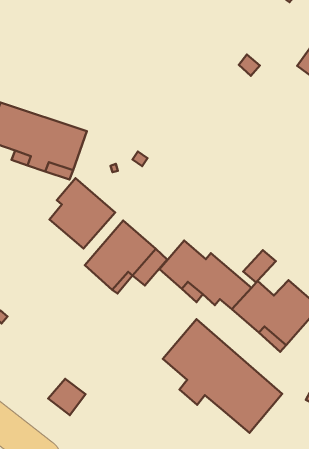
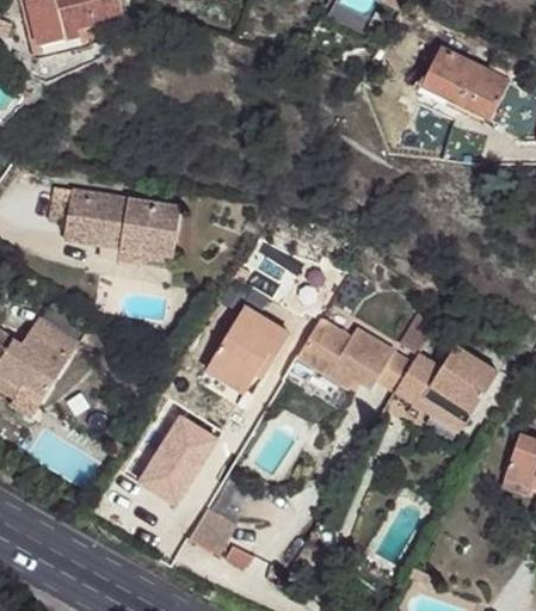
building: [49,178,115,248] -> none
building: none -> [137,414,217,504]
building: [163,319,282,433] -> none

